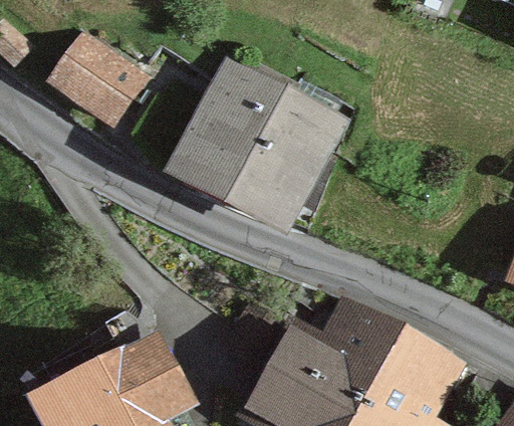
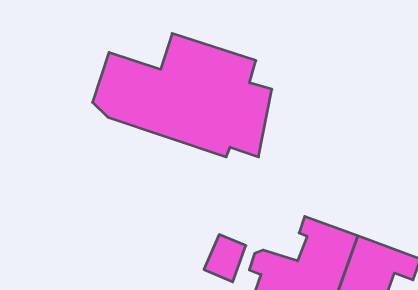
building: [52,38,135,118] -> none

